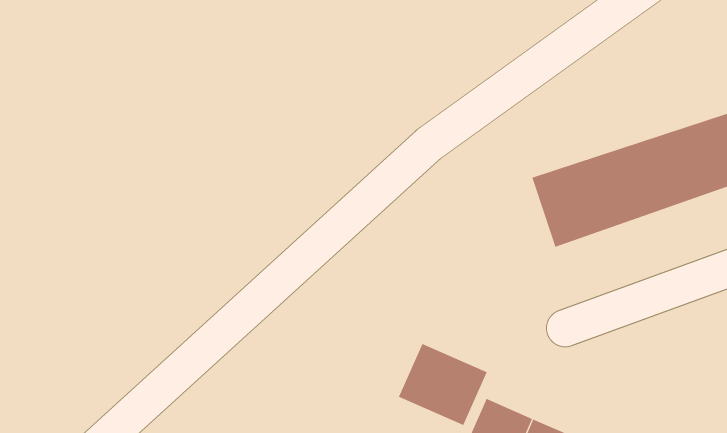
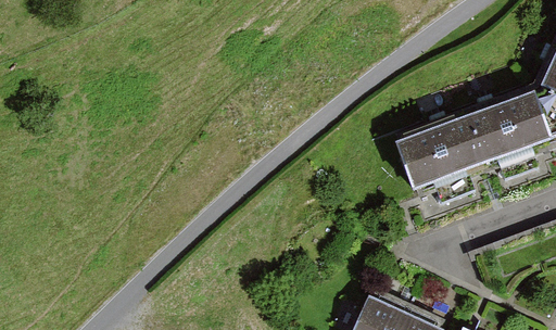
building: [398,343,487,426] -> none

